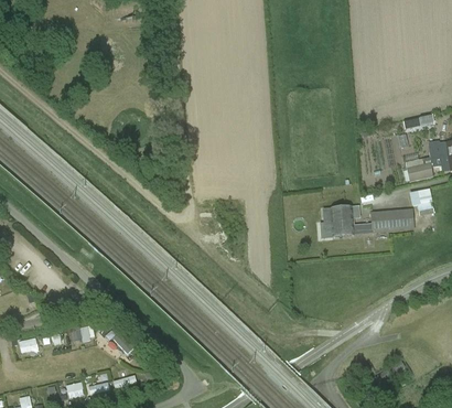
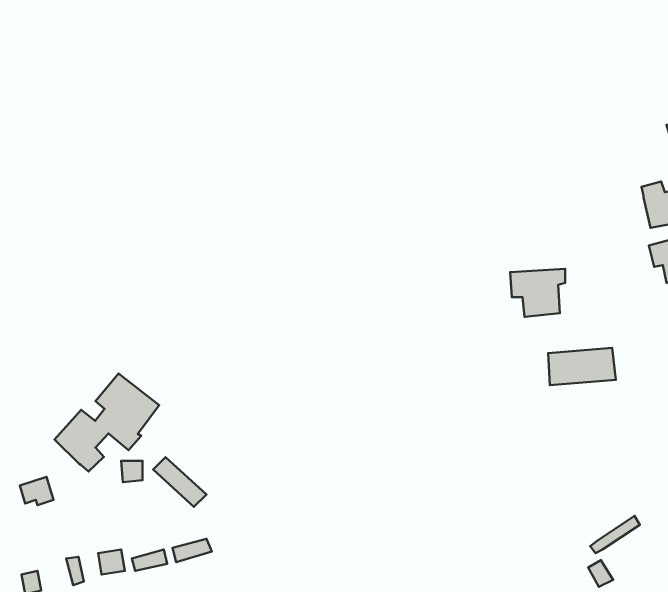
building: [370,208,412,232] -> [548,348,616,385]
building: none -> [54,373,159,472]

